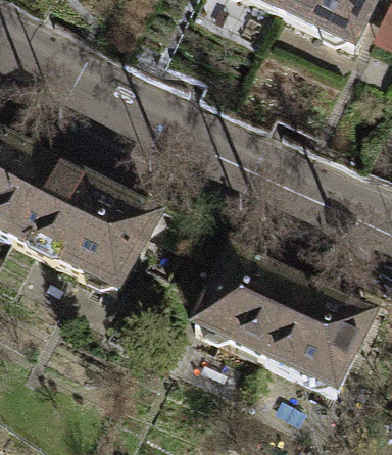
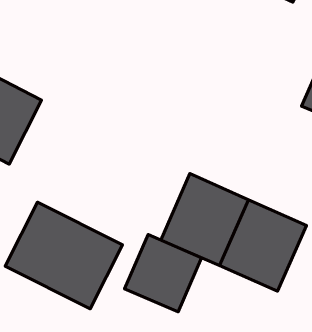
building: [15,164,156,292] -> [5,202,123,309]
building: none -> [125,235,202,312]

